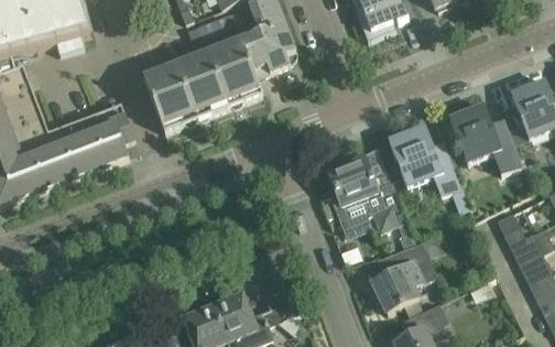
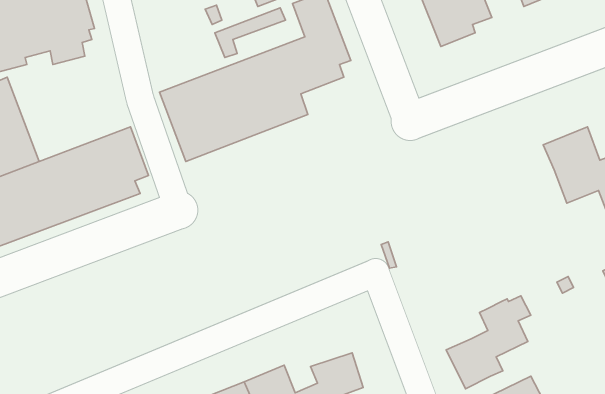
building: [389,126,469,212] -> none
building: [328,156,415,247] -> none

